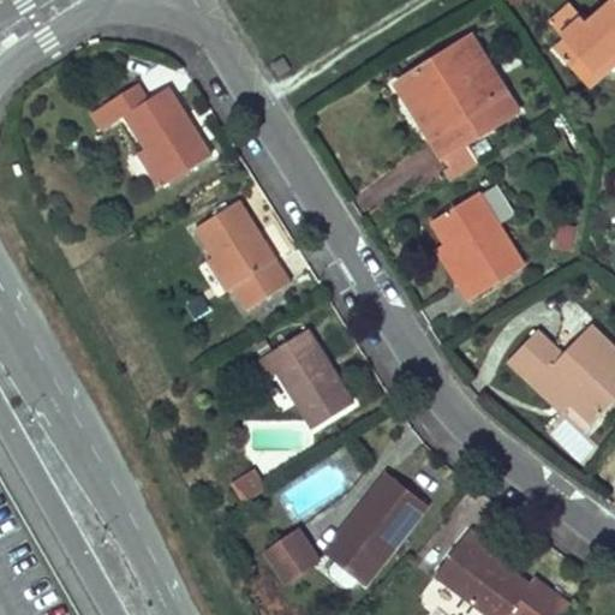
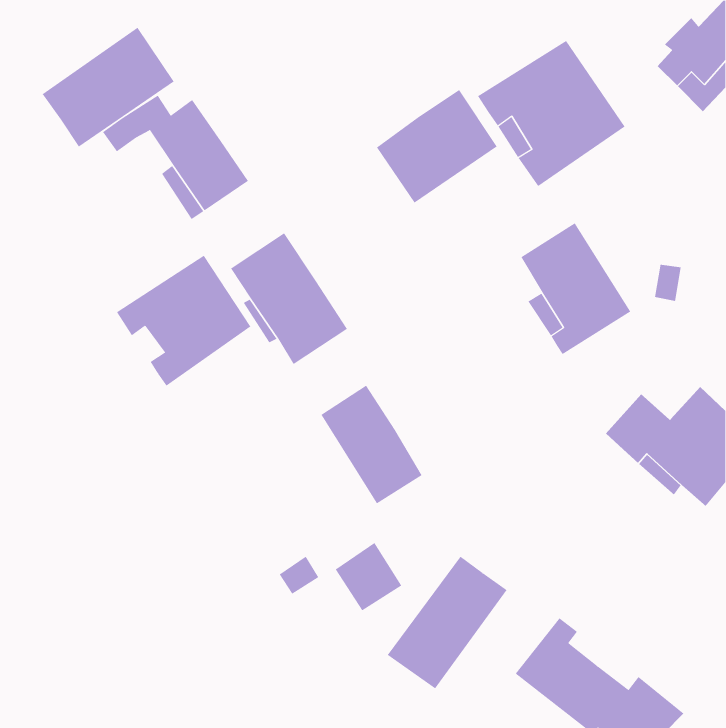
building: none -> [42,27,175,147]
building: none -> [376,89,497,203]
building: none -> [116,255,251,386]
building: [269,525,326,583] -> [335,542,402,611]

